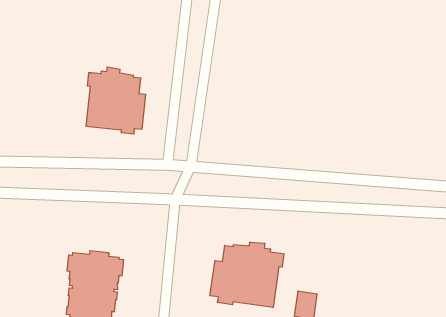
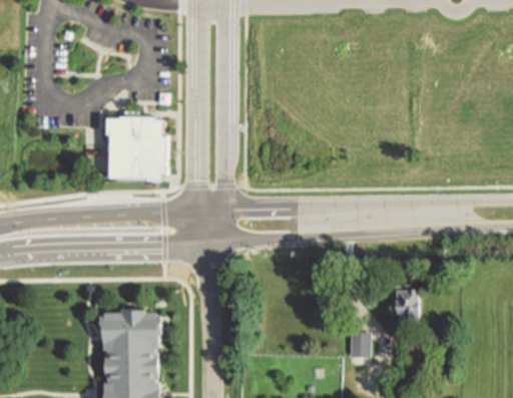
building: [210,242,284,308] -> none
building: none -> [389,283,419,322]

